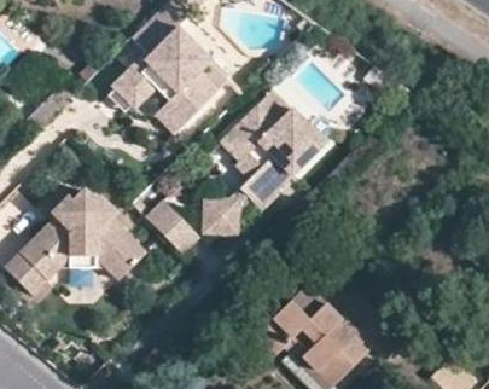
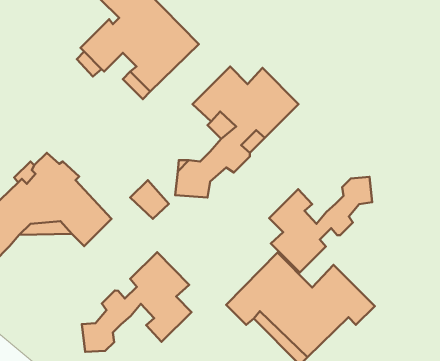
building: none -> [269,177,372,273]
building: none -> [82,252,192,352]

